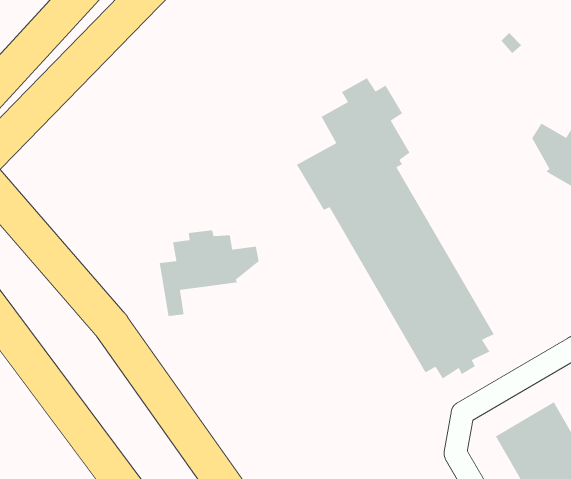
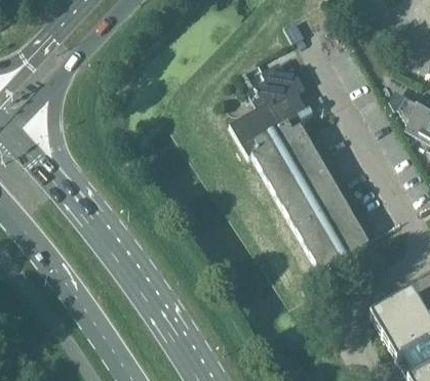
building: [159,230,260,317] -> none

